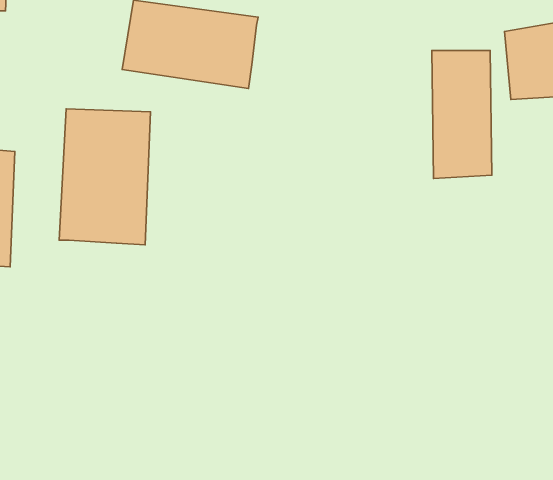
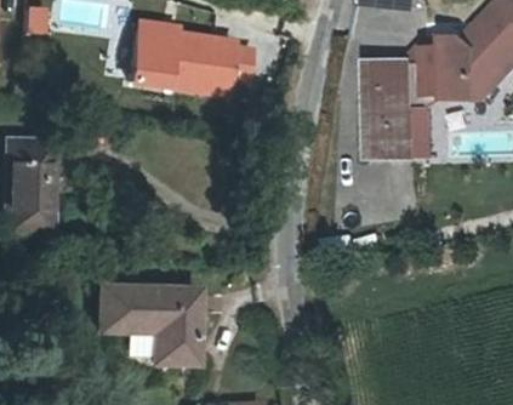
building: [59,109,150,245] -> none
building: none -> [98,283,200,360]

